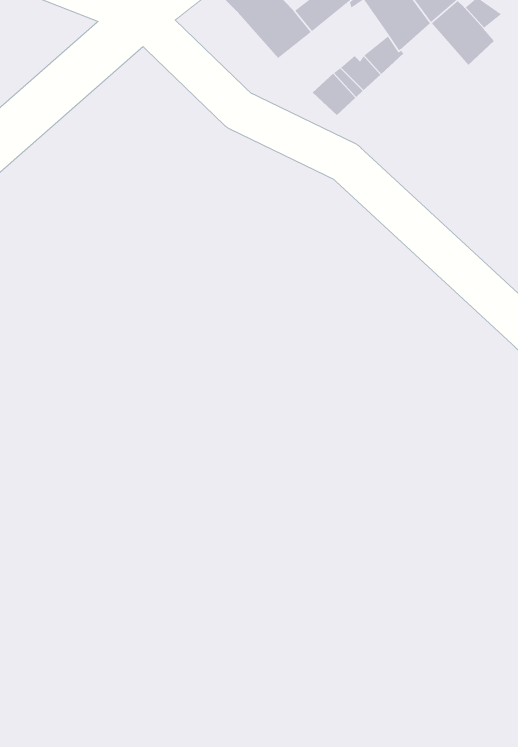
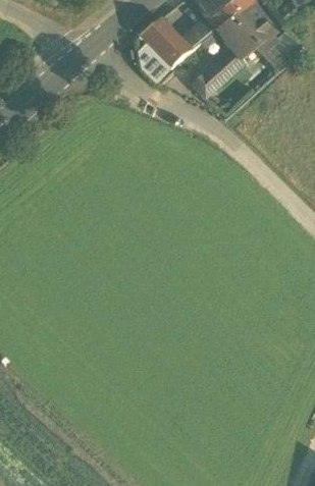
building: none -> [140,39,172,80]

